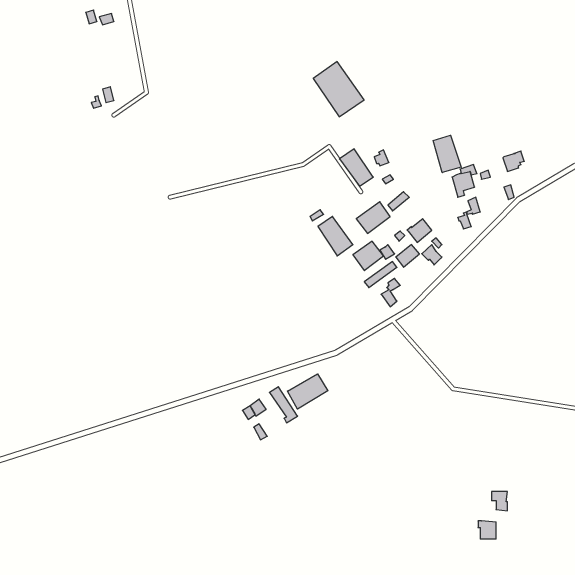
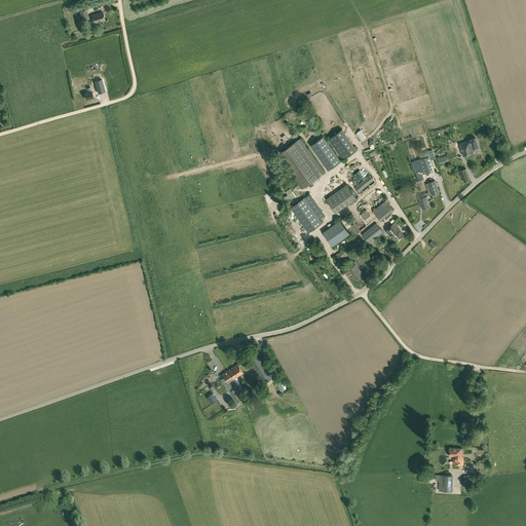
building: [313,62,364,117] -> [277,139,324,189]
building: [433,135,461,173] -> none
building: [287,374,328,409] -> none

